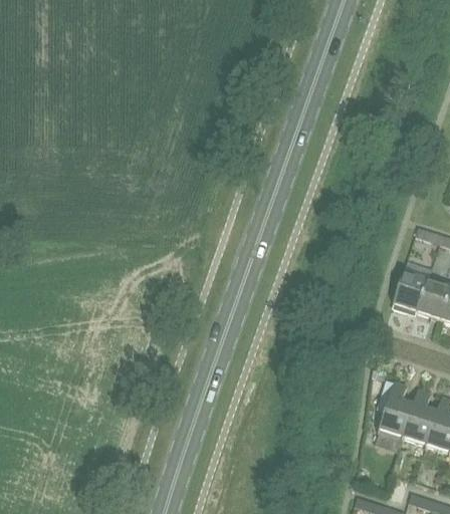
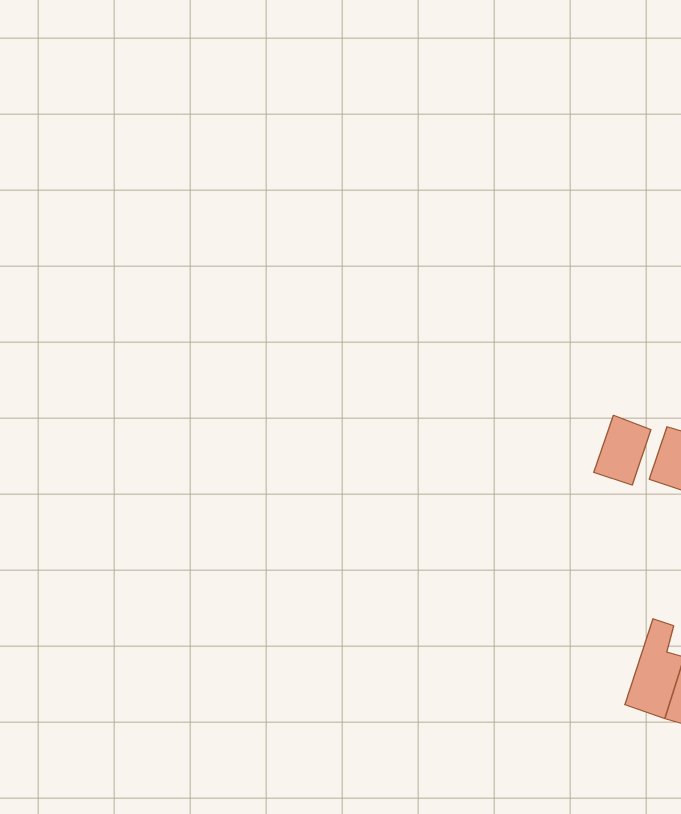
building: none -> [594,415,651,485]

